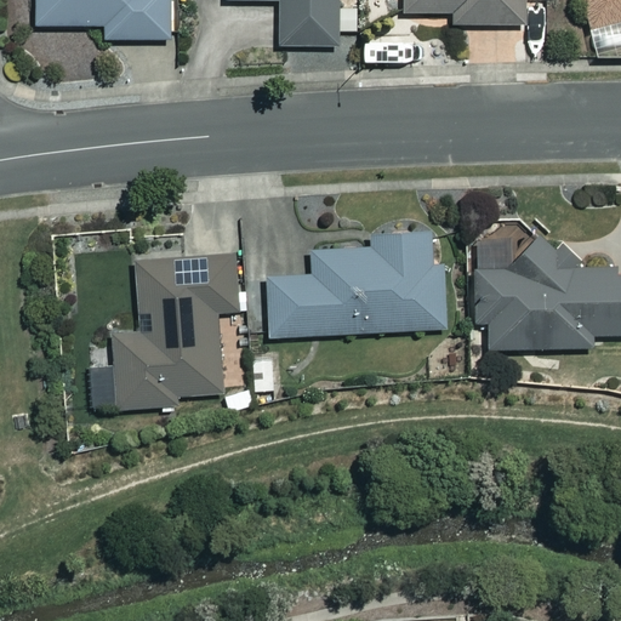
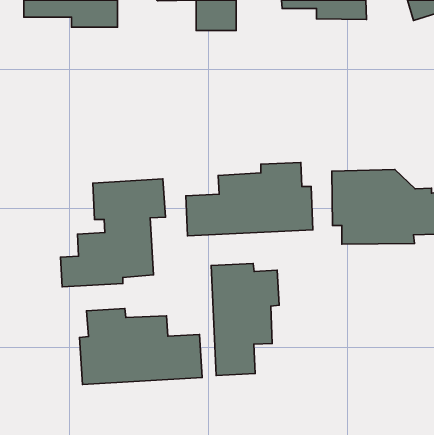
building: none -> [211,263,279,375]
building: none -> [79,308,202,384]

